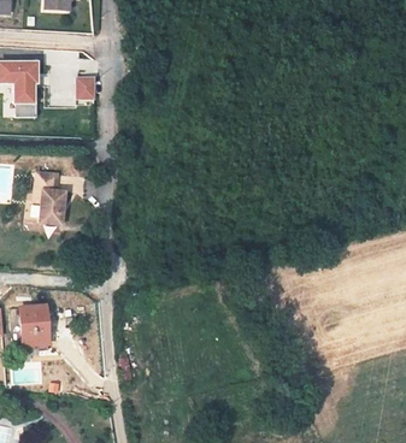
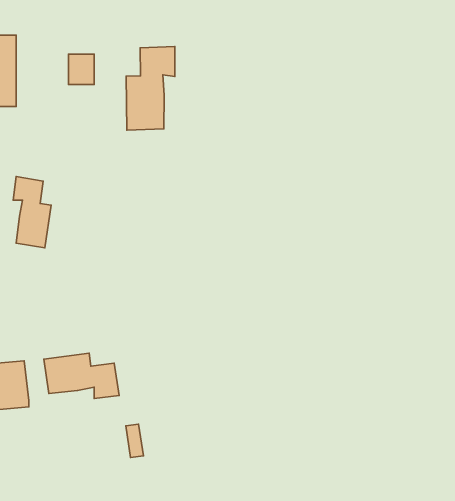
building: none -> [126,46,175,130]
building: none -> [44,353,119,399]

